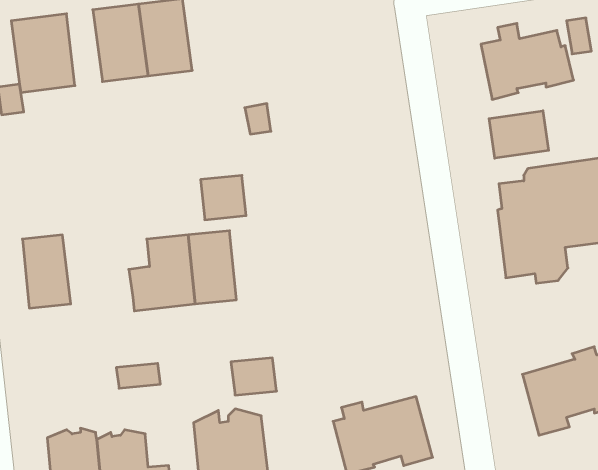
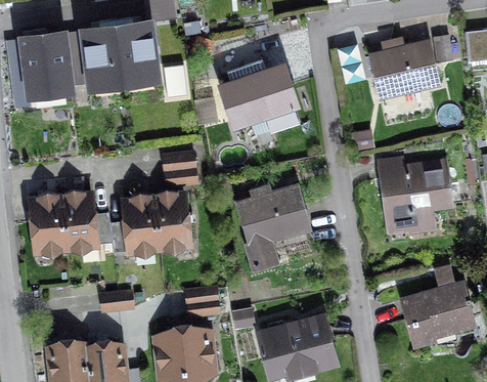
building: none -> [222,69,299,128]
building: [489,111,549,158] -> none
building: none -> [237,186,308,269]
building: none -> [59,194,112,248]

